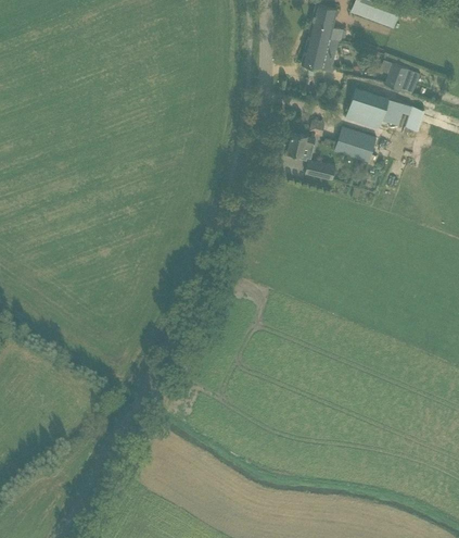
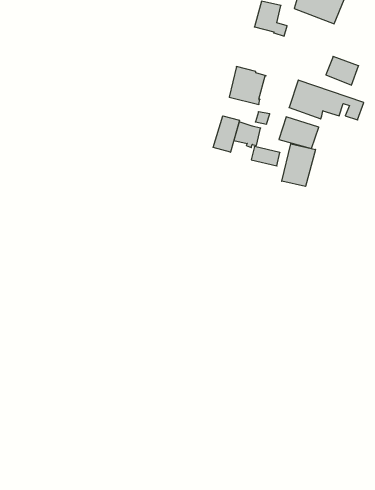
building: [301,32,340,72] -> [229,67,266,104]
building: none -> [213,116,240,152]
building: none -> [282,144,315,186]

